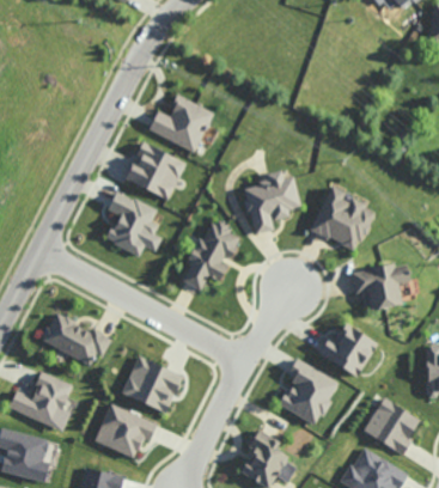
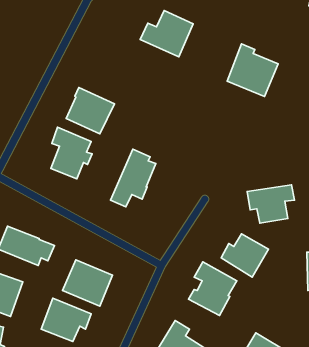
building: [147,96,213,153] -> [140,11,193,57]
building: [243,170,300,236] -> none
building: [310,185,373,251] -> [227,44,278,97]
building: [362,398,420,455] -> none

